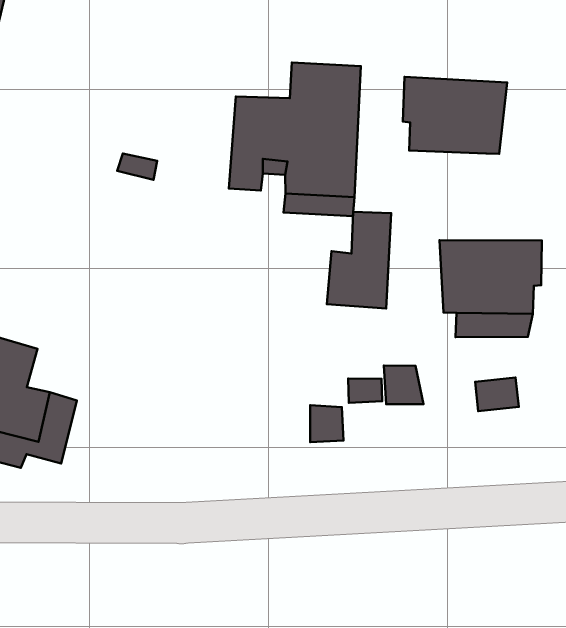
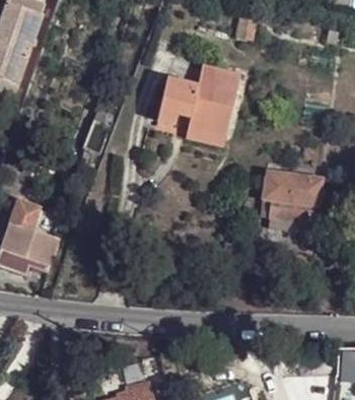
building: [403,77,507,154] -> none
building: [327,212,391,308] -> none

